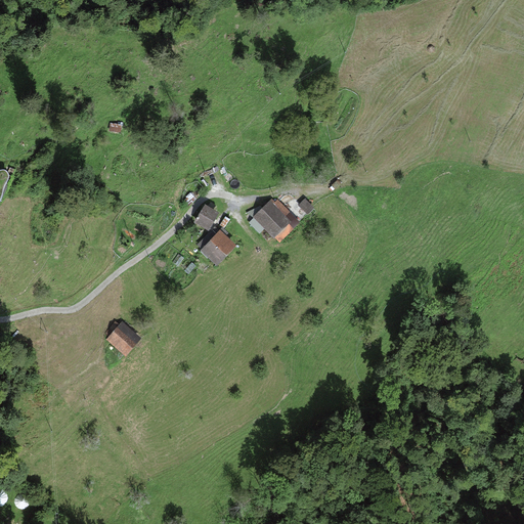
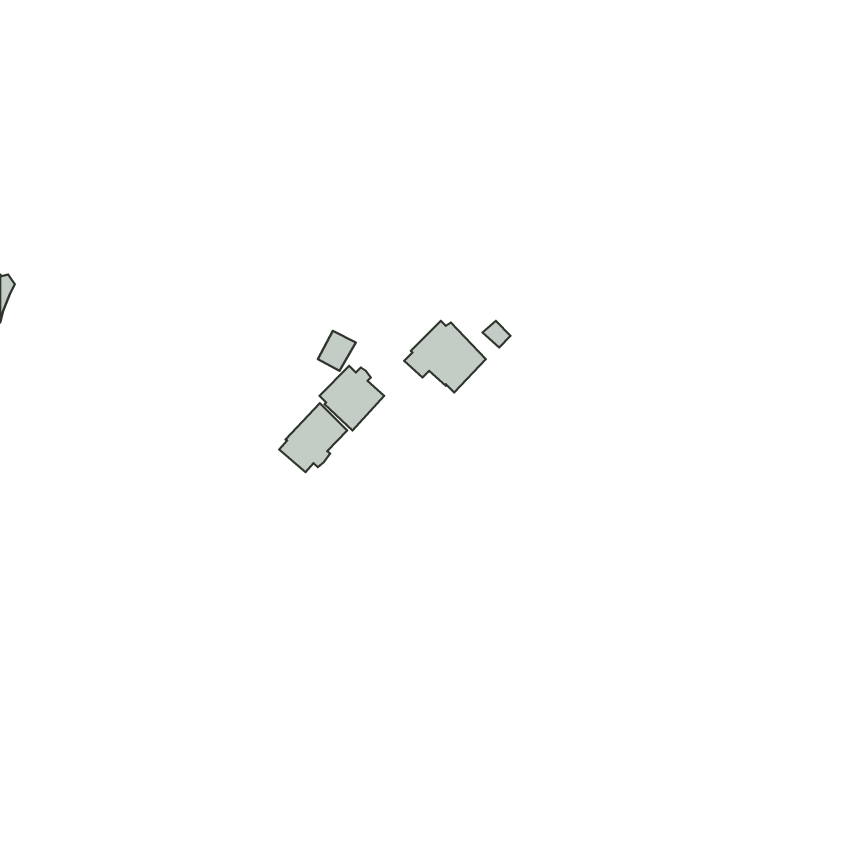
building: none -> [279,403,347,472]
building: [107,322,140,354] -> none

